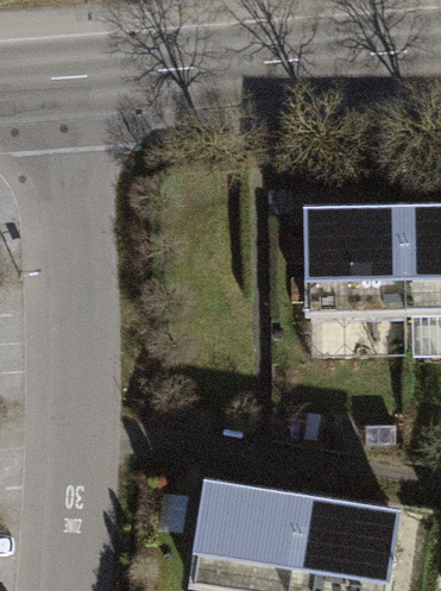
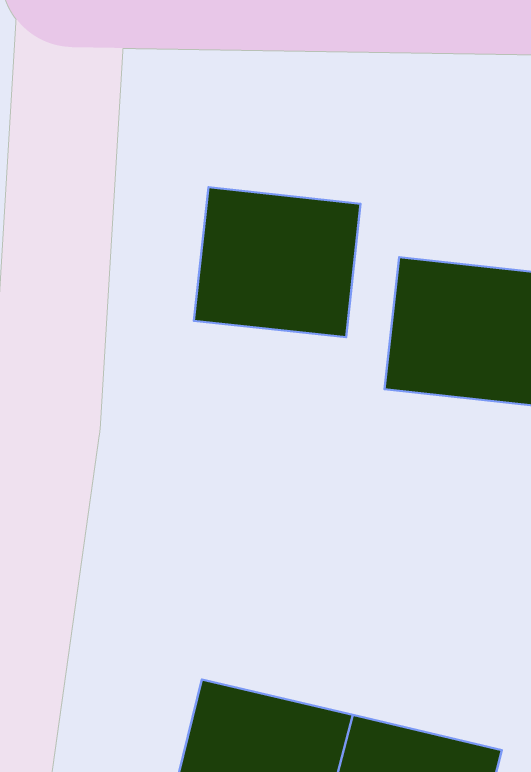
building: none -> [194,187,360,337]

